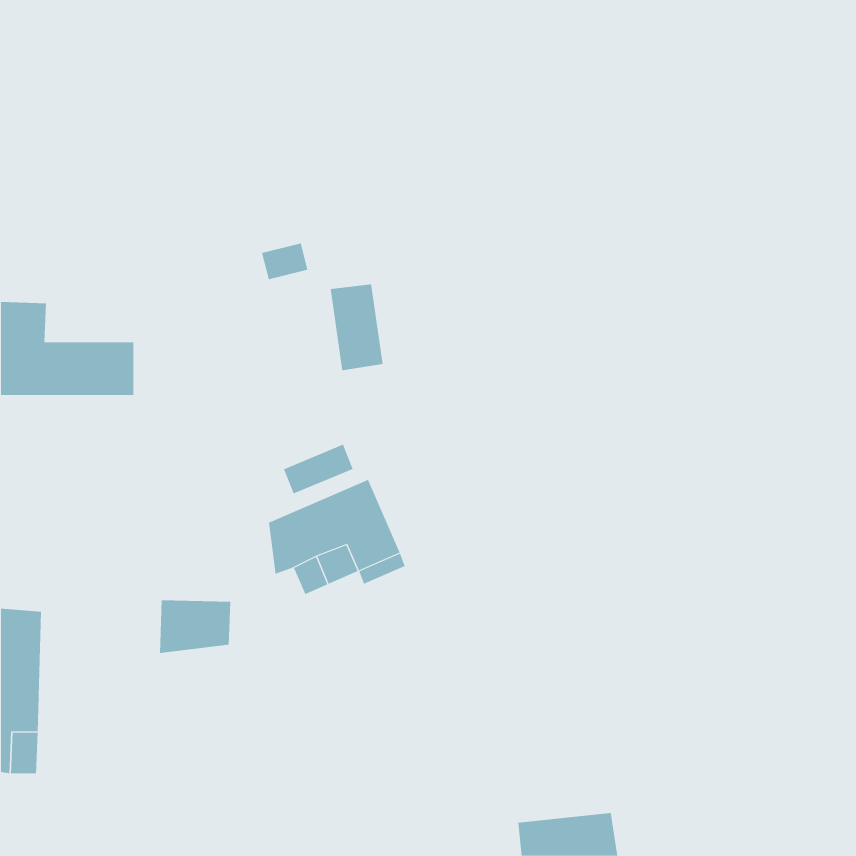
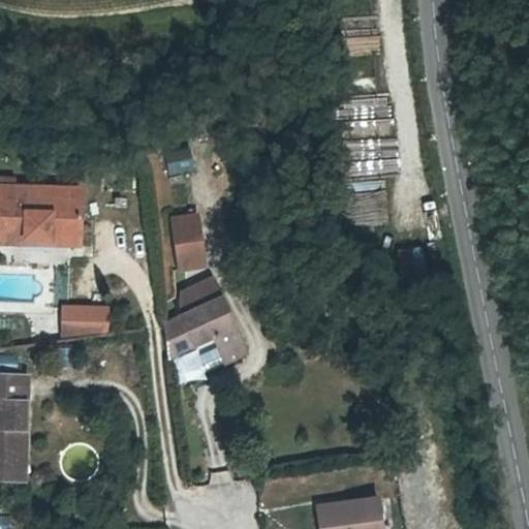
building: [330,284,383,371] -> [170,212,204,266]
building: none -> [28,187,83,211]
building: [159,600,231,653] -> [62,306,106,339]

